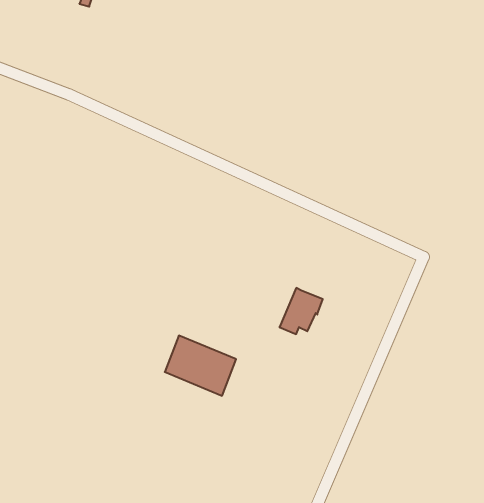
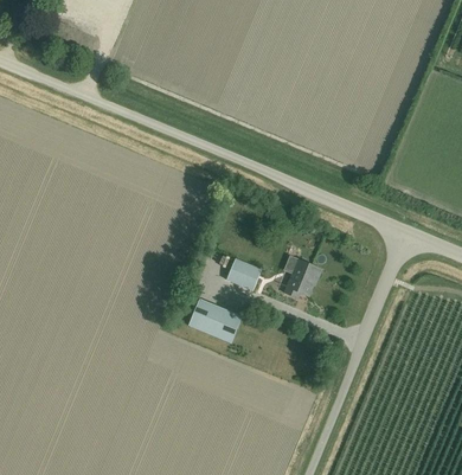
building: none -> [222,255,264,293]

